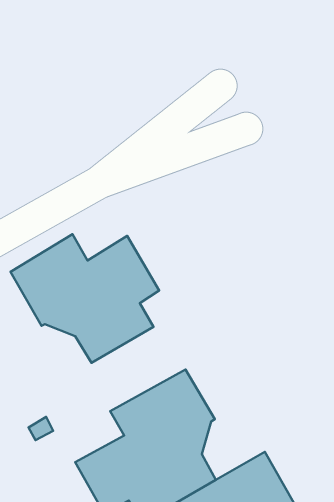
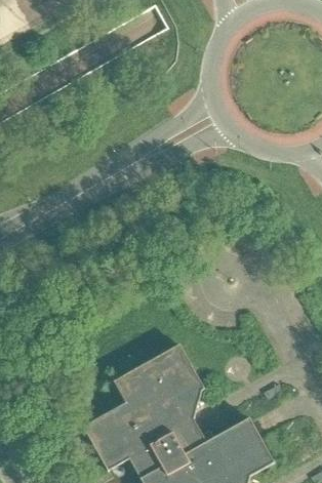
building: [11,234,159,363] -> none

